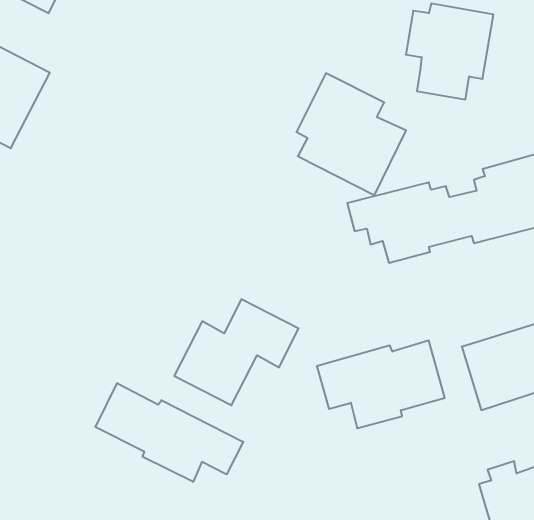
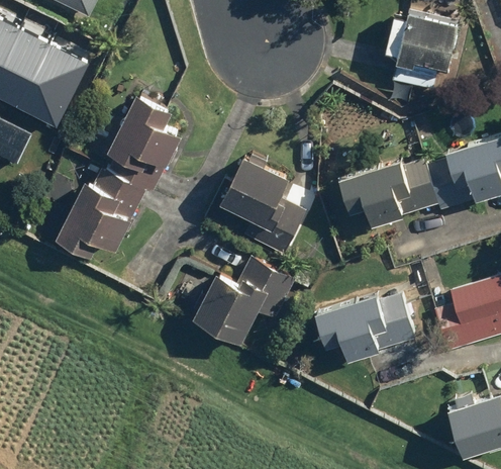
building: [296,73,406,195] -> [218,155,309,256]
building: none -> [56,94,182,257]
building: [95,383,243,482] -> none

